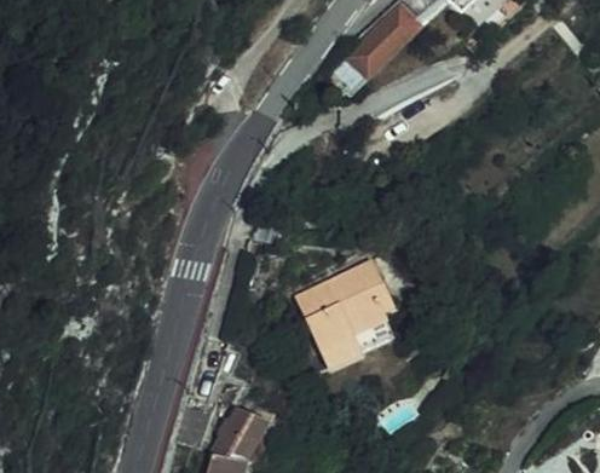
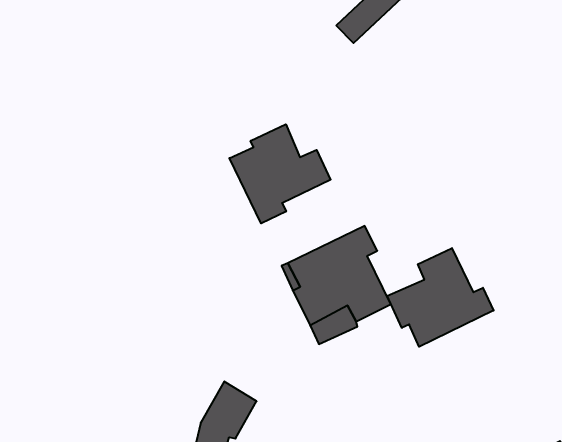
building: none -> [229,124,331,223]
building: none -> [387,248,494,347]

